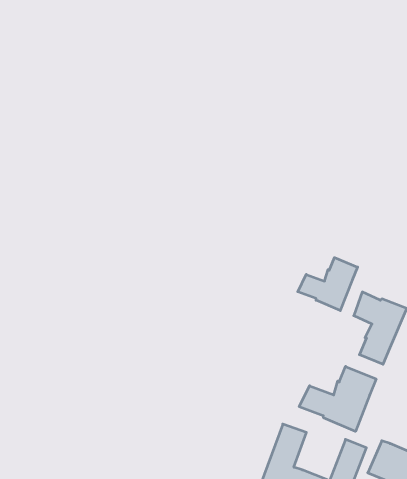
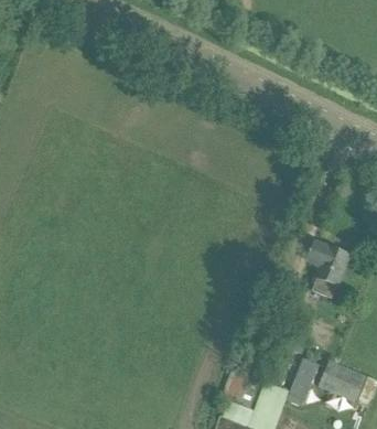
building: [298,258,358,311] -> none
building: [299,366,376,431] -> none

